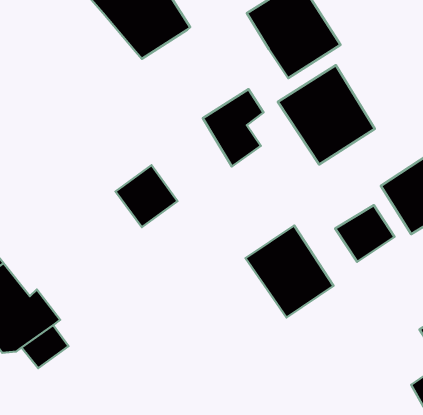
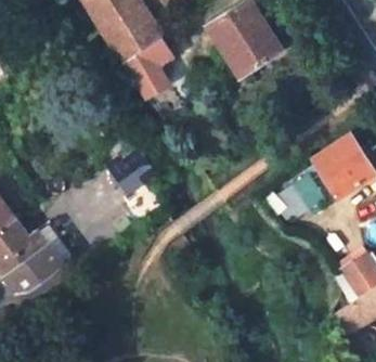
building: [278,65,375,165] -> none
building: [203,89,264,167] -> [126,37,173,98]
building: [245,226,333,318] -> none

